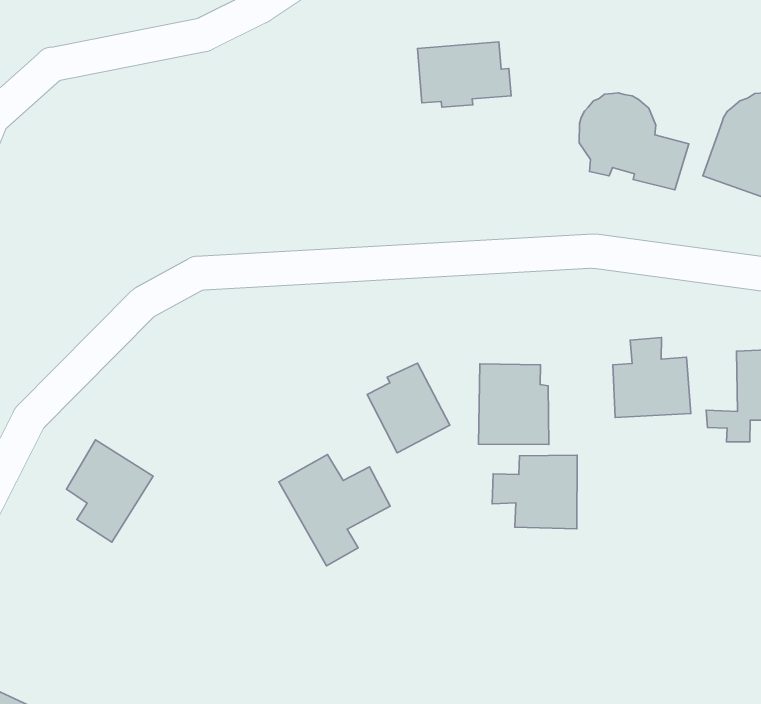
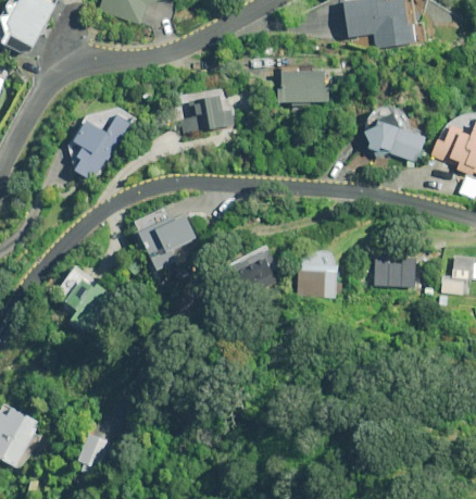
building: none -> [179,96,229,134]
building: none -> [71,114,130,180]
building: [279,454,390,566] -> [135,208,196,270]
building: [492,455,577,529] -> none

